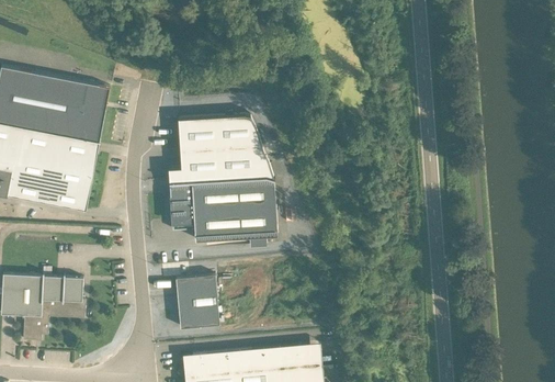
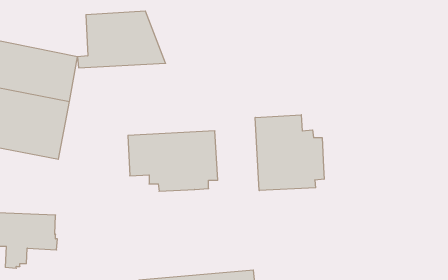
building: [168,114,273,182] -> [78,11,166,68]
building: none -> [255,115,324,191]
building: [174,274,218,329] -> none

